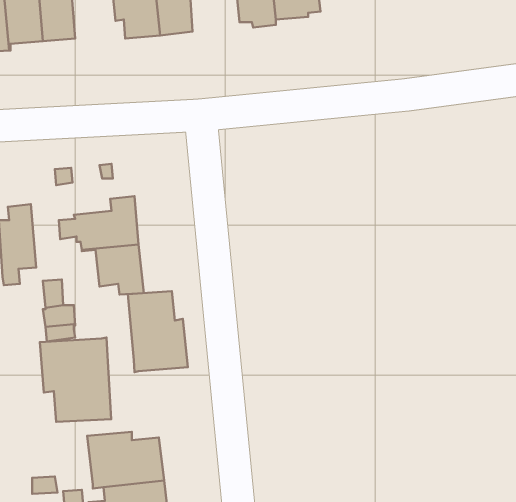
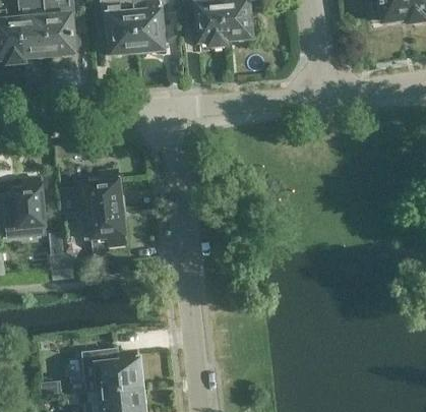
building: [128,291,188,372] -> none
building: [40,338,111,422] -> none

